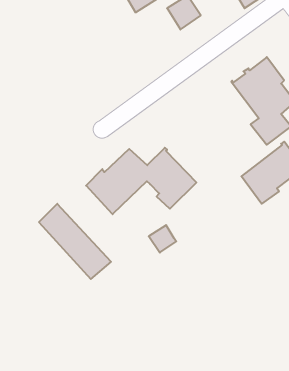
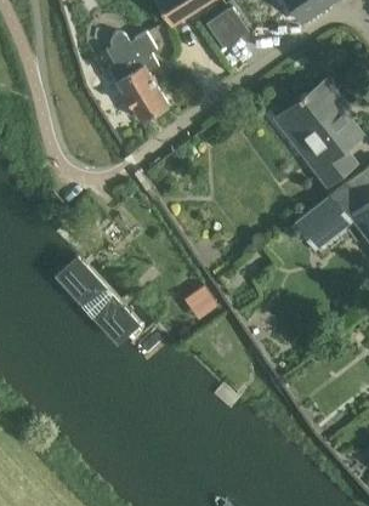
building: none -> [107,32,169,121]
building: [86,148,196,214] -> none

